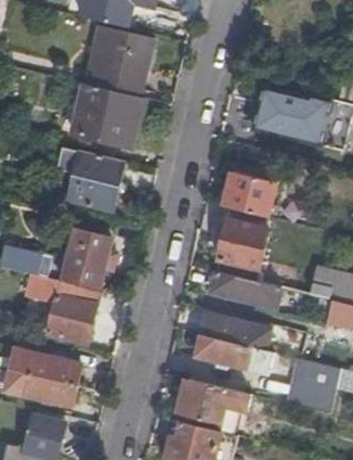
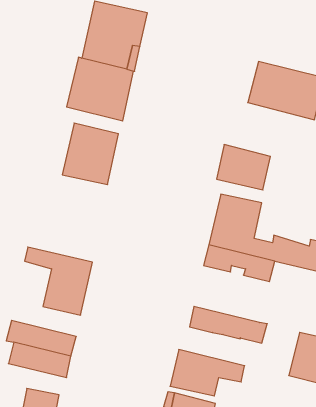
building: [19,228,109,290] -> none
building: [199,312,270,350] -> none

